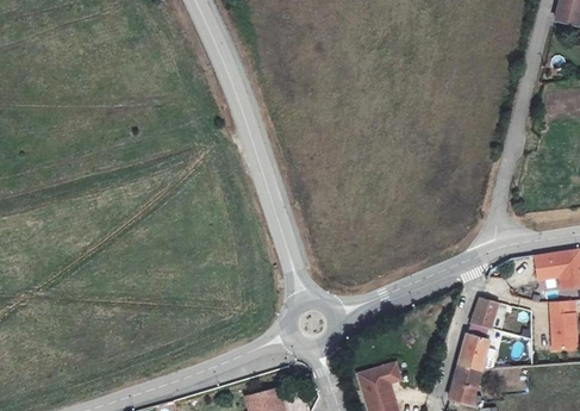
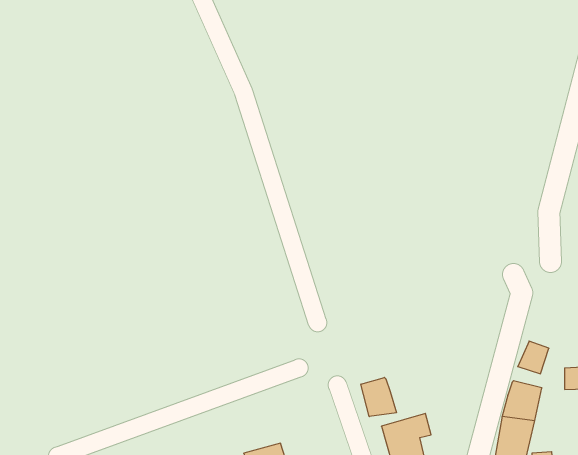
building: none -> [361,377,396,417]

